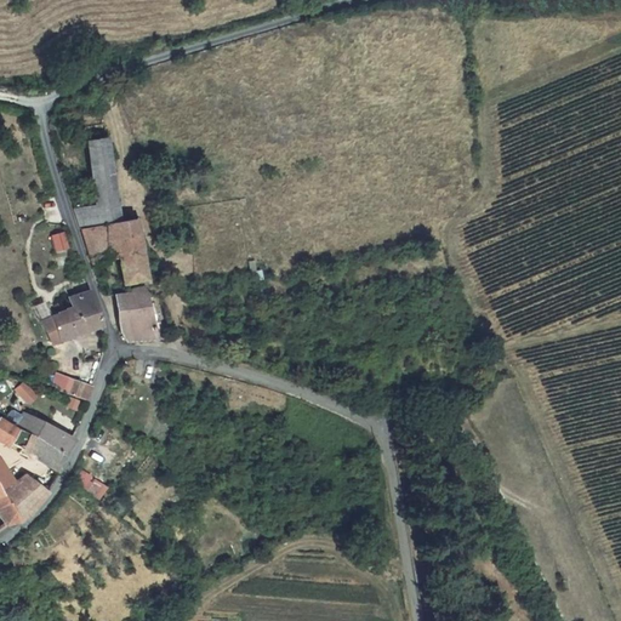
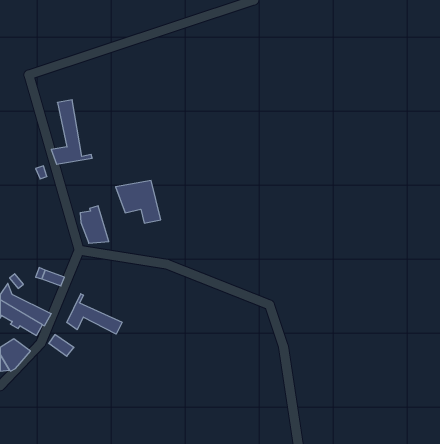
building: [85,221,148,280] -> [116,181,161,223]
building: [39,290,106,344] -> none
building: none -> [67,294,122,334]

